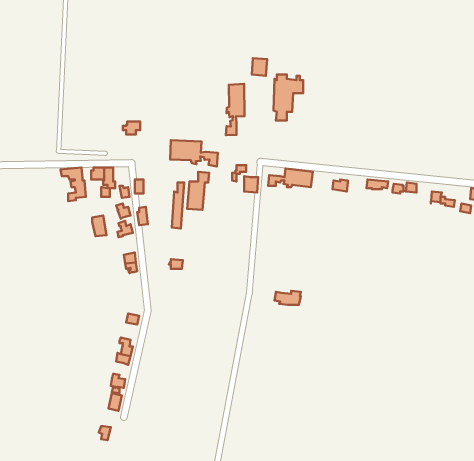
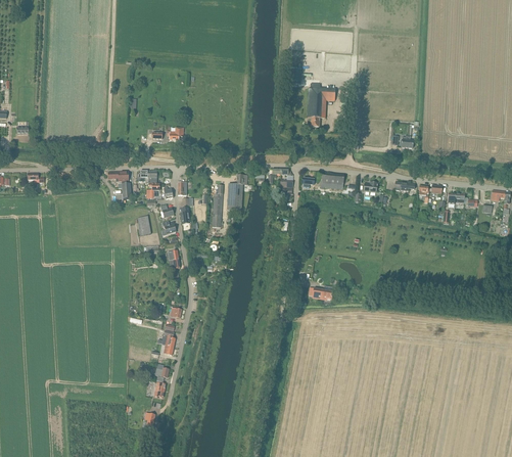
building: [226,84,245,135] -> none
building: [170,140,218,166] -> none

